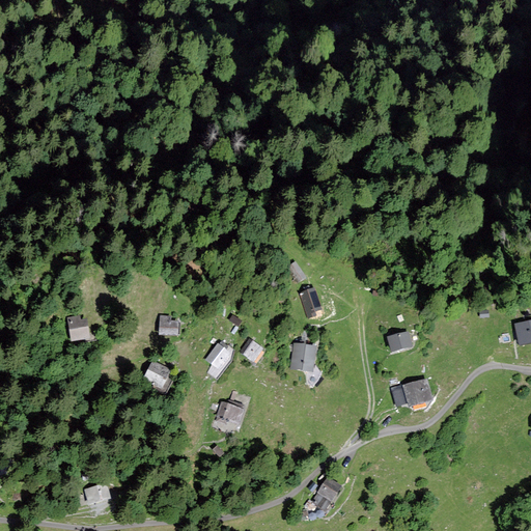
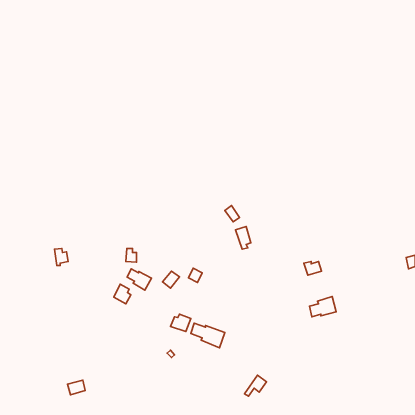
building: none -> [127,269,151,290]
building: [291,345,315,370] -> none
building: none -> [191,323,225,348]

